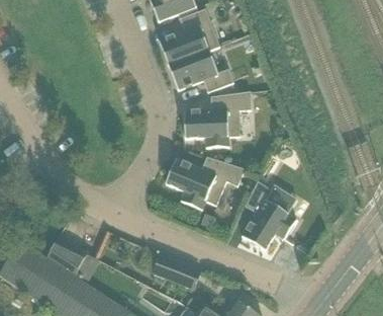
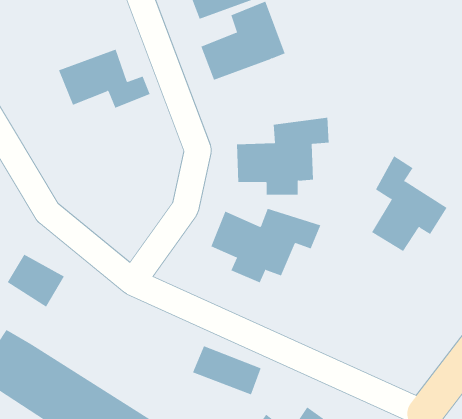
building: [168,49,233,91] -> [58,49,150,108]
building: [242,180,296,249] -> [371,155,448,252]
building: [46,235,88,273] -> [7,254,65,308]

